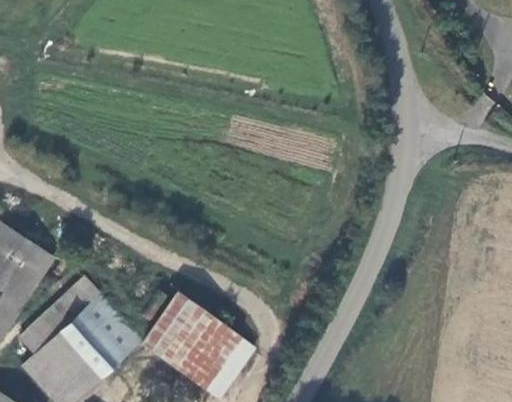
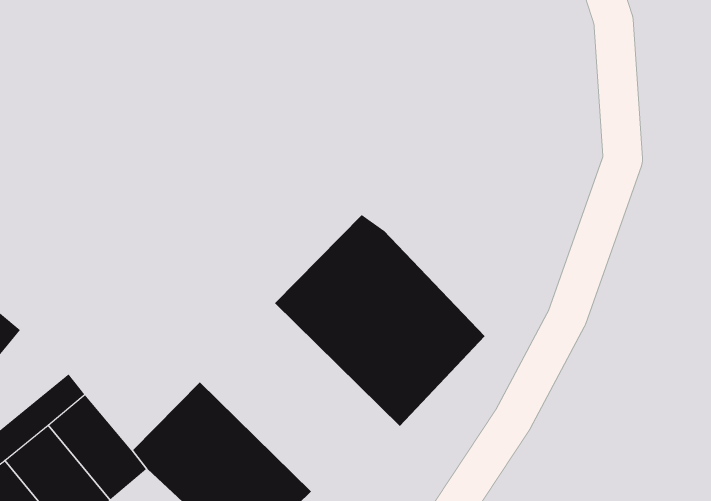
building: none -> [274,214,485,427]

